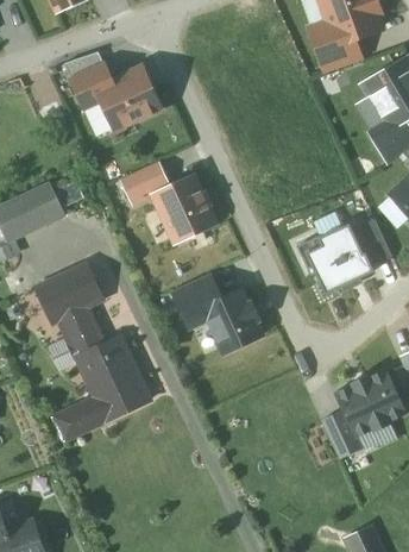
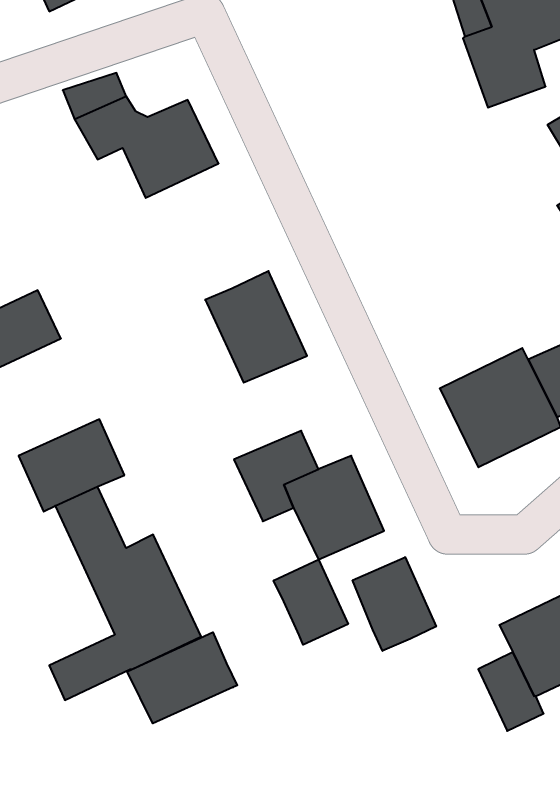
building: [119,161,169,203] -> none
building: none -> [353,557,436,651]
building: none -> [274,560,348,645]
building: none -> [127,632,237,723]

